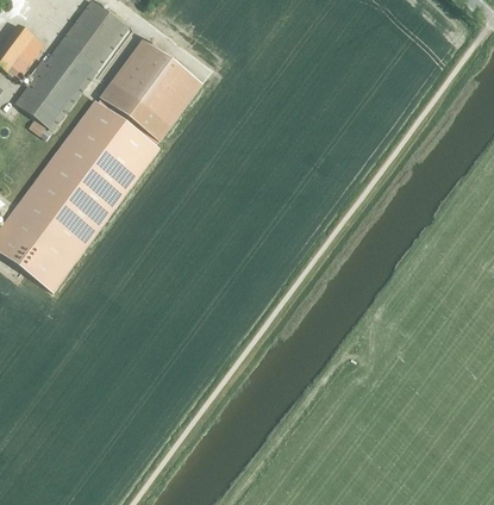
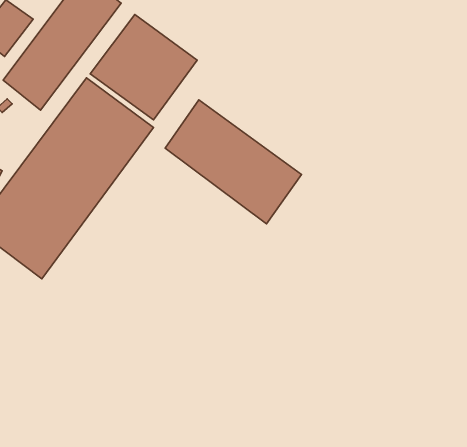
building: none -> [165,100,301,224]

